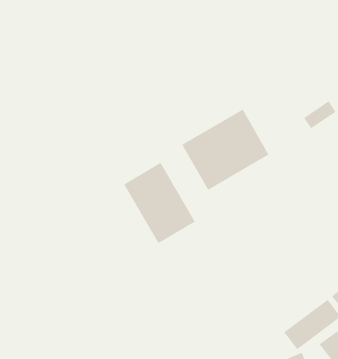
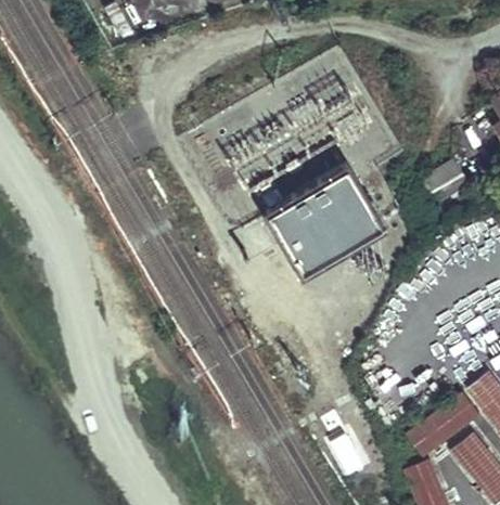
building: [123,162,196,244] -> none

